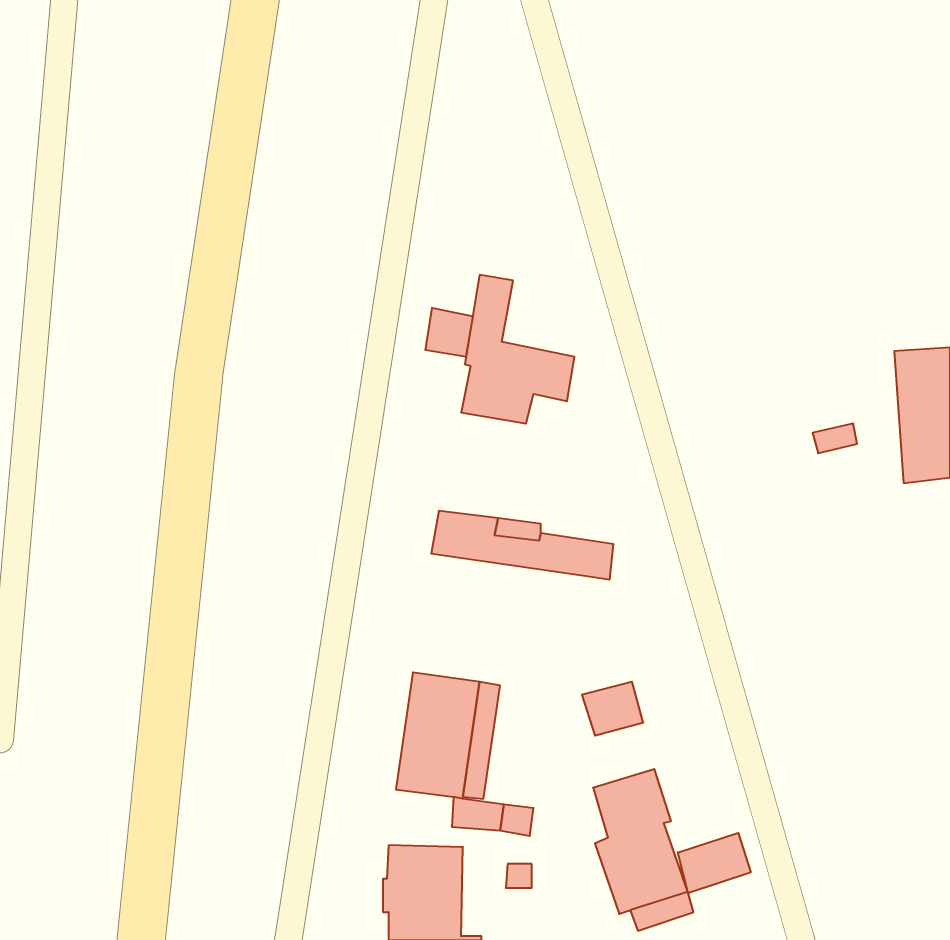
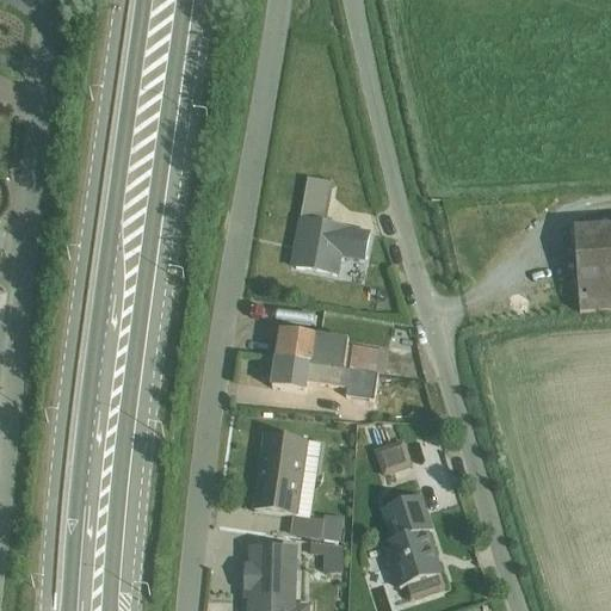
building: [425,308,473,357] -> none
building: none -> [273,356,376,395]
building: [678,833,751,893] -> none

